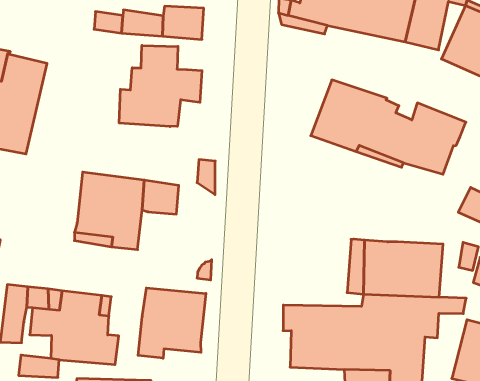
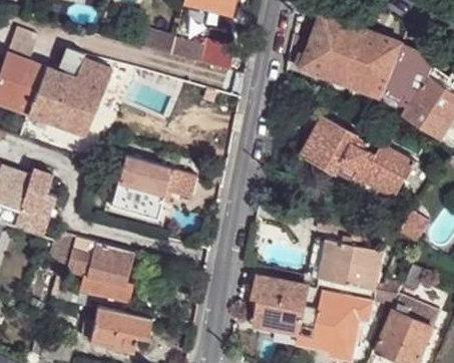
building: [119,45,202,127] -> none
building: [138,288,206,358] -> none

